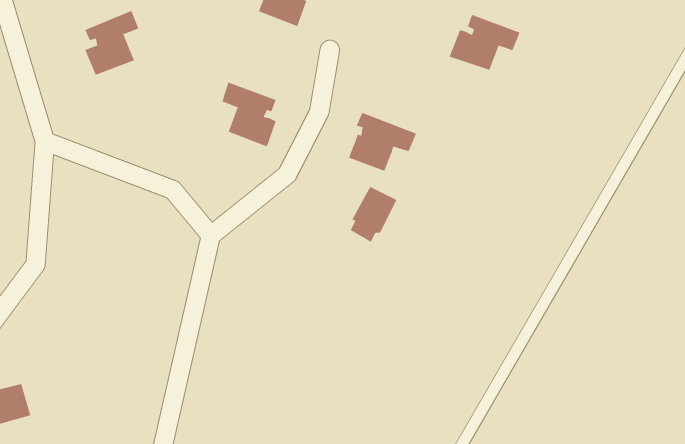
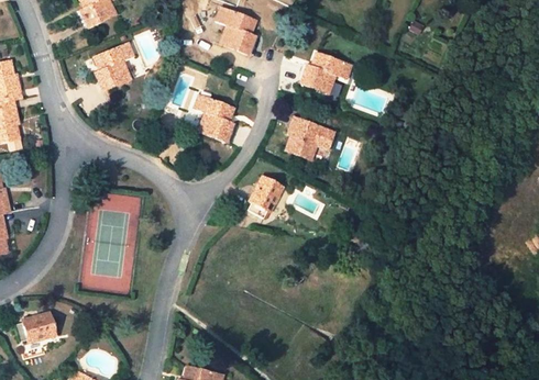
building: [449,14,520,71] -> [299,53,351,93]
building: [350,186,397,242] -> [248,177,282,217]

